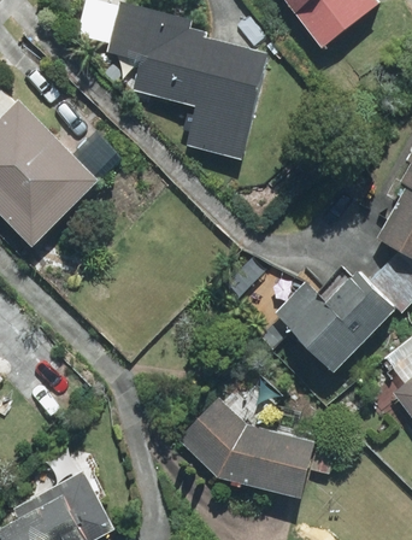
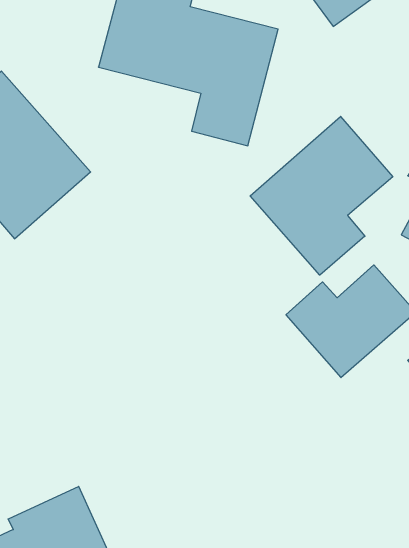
building: none -> [250,116,393,275]
building: [178,397,316,501] -> none

